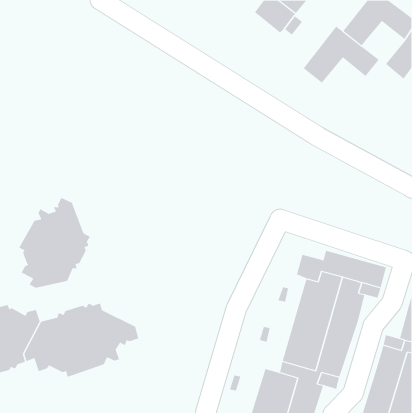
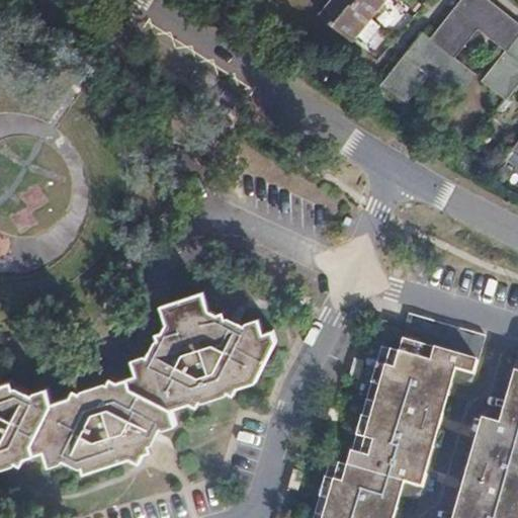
building: [19,197,90,289] -> none
building: none -> [125,296,272,409]

